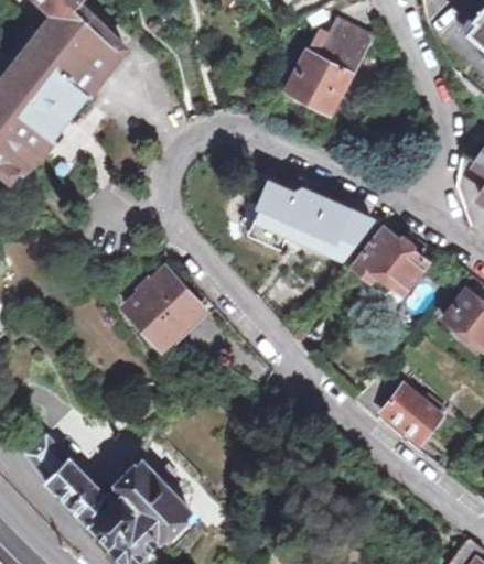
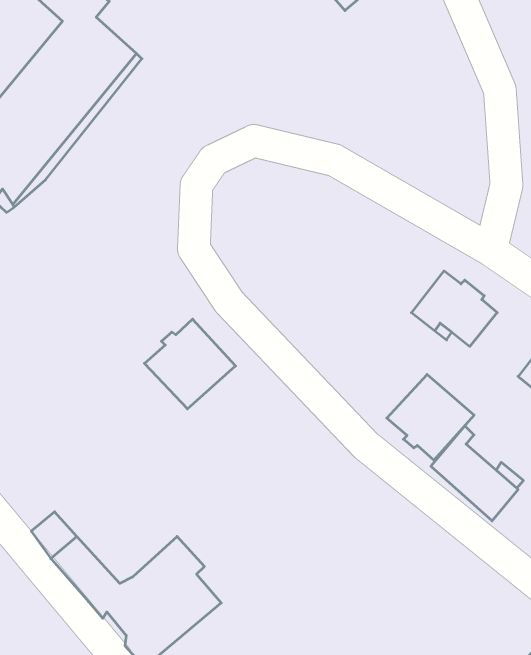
building: [286,24,368,117] -> none
building: [240,188,368,257] -> none
building: none -> [387,374,474,460]

